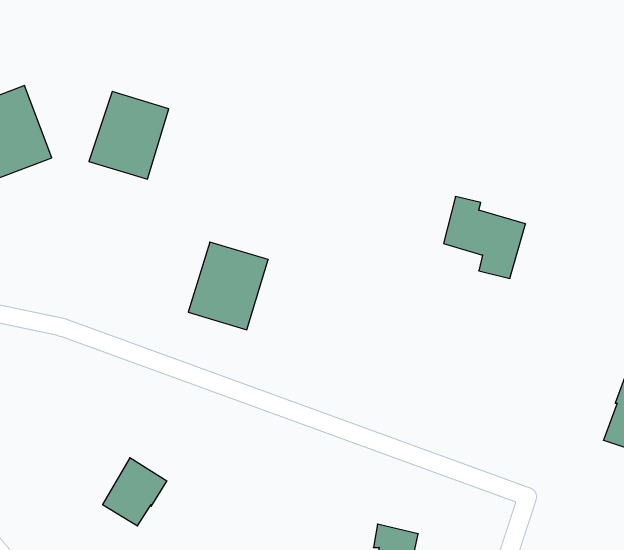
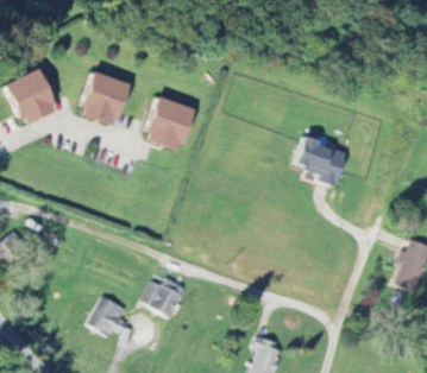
building: [188,242,268,330] -> [145,96,194,150]
building: none -> [143,277,187,317]

